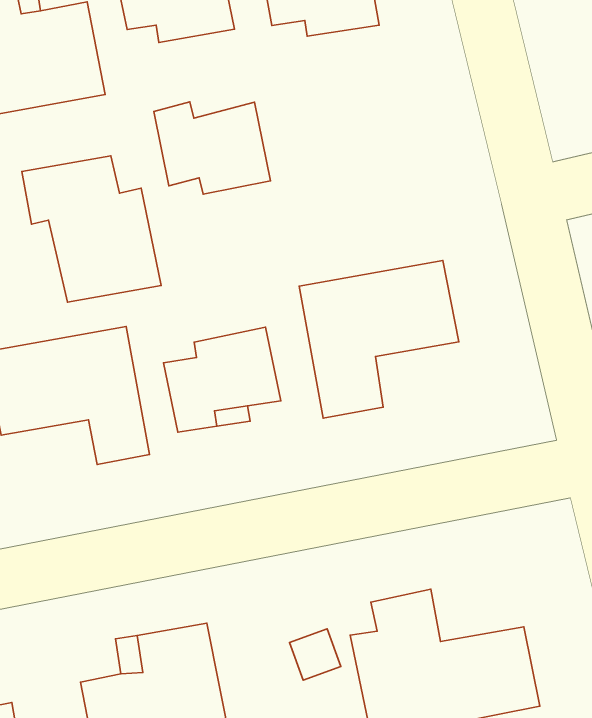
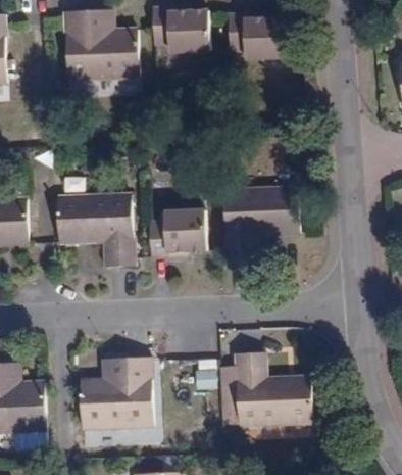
building: [154,102,270,194] -> none
building: [22,156,161,302] -> none

